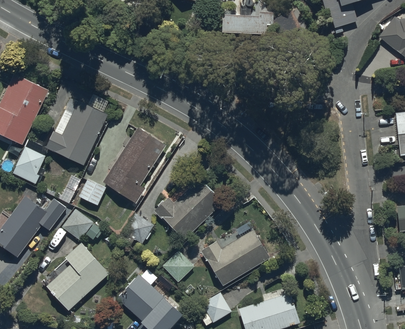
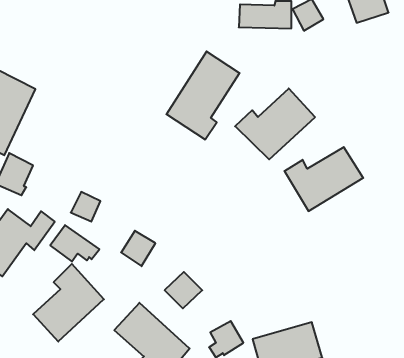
building: [46,103,107,166] -> none
building: [102,128,166,205] -> [166,51,240,139]
building: [153,179,223,241] -> [235,88,315,159]
building: [201,231,270,287] -> [284,147,363,211]

